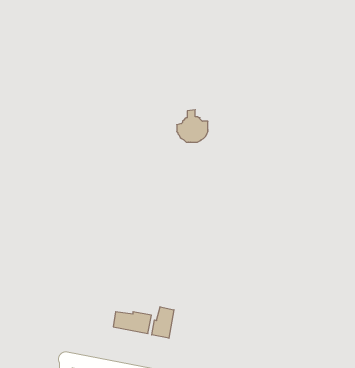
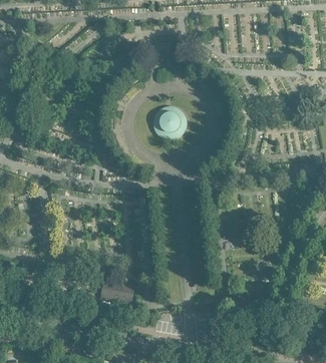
building: [152,307,174,338] -> none

